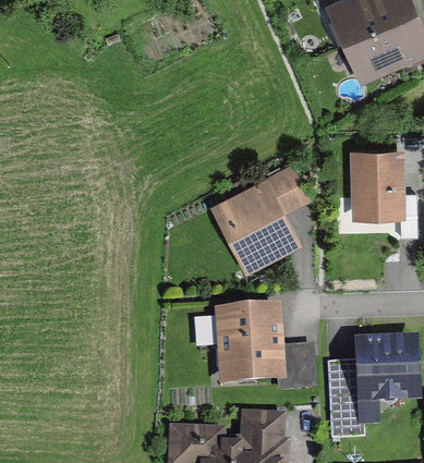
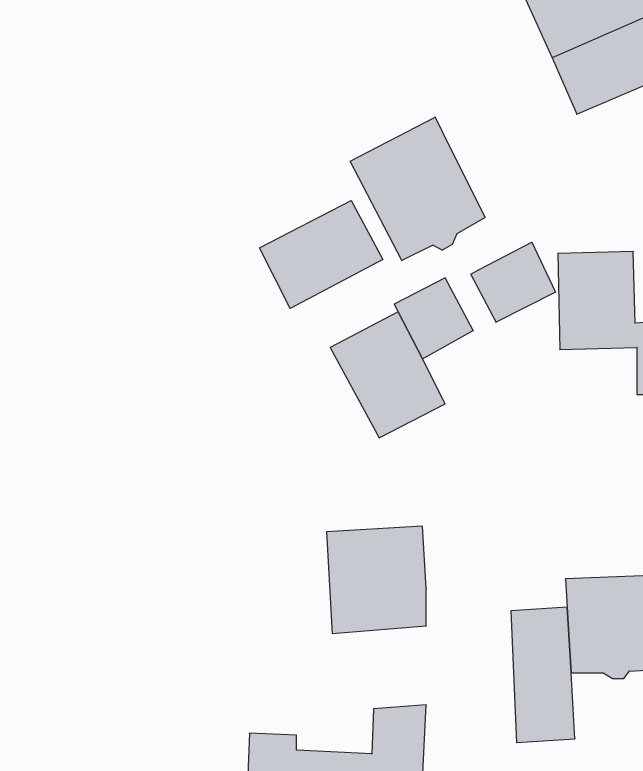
building: none -> [350,117,485,261]
building: none -> [260,201,383,308]
building: none -> [471,242,556,322]
building: [277,346,312,387] -> none

